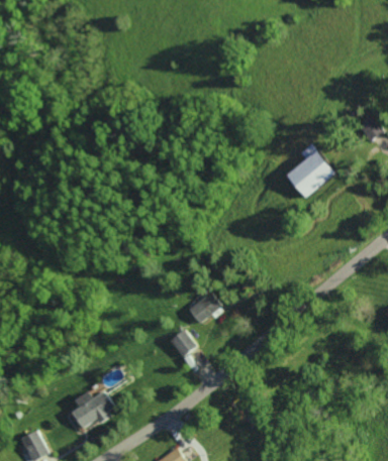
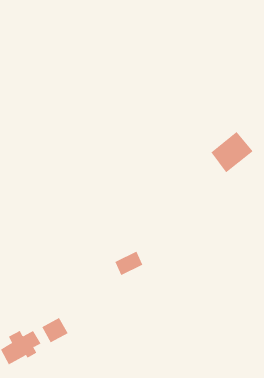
building: [170,330,196,357] -> none
building: none -> [41,317,69,343]

